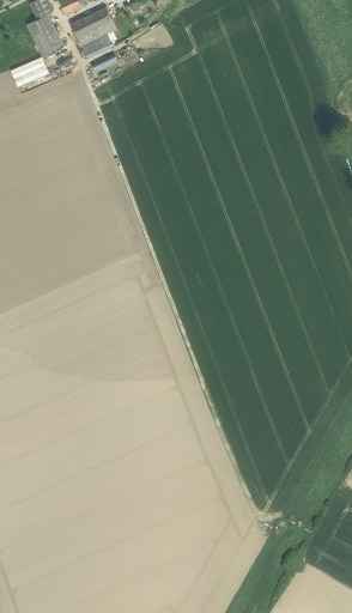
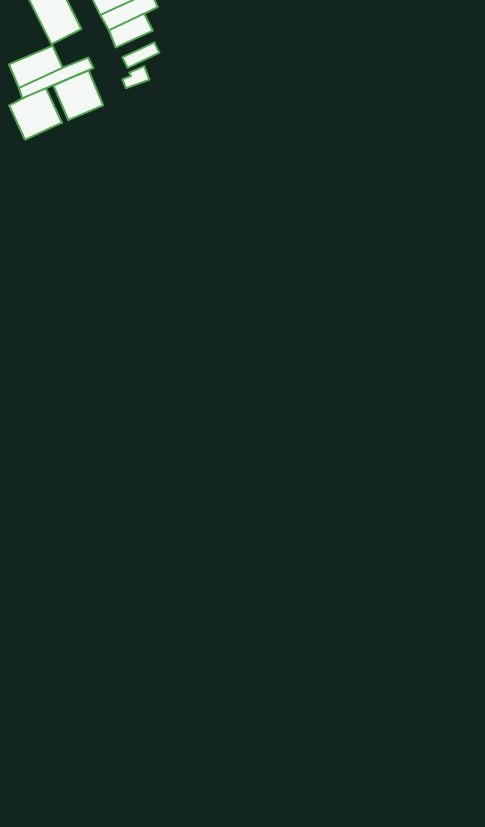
building: none -> [54,71,103,120]
building: none -> [9,88,62,140]

